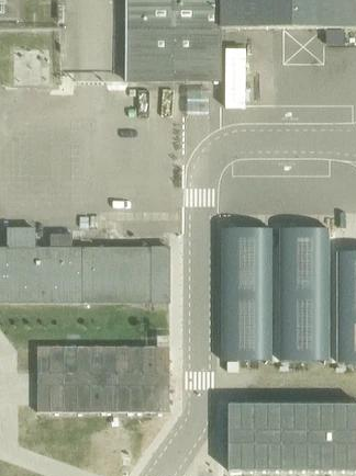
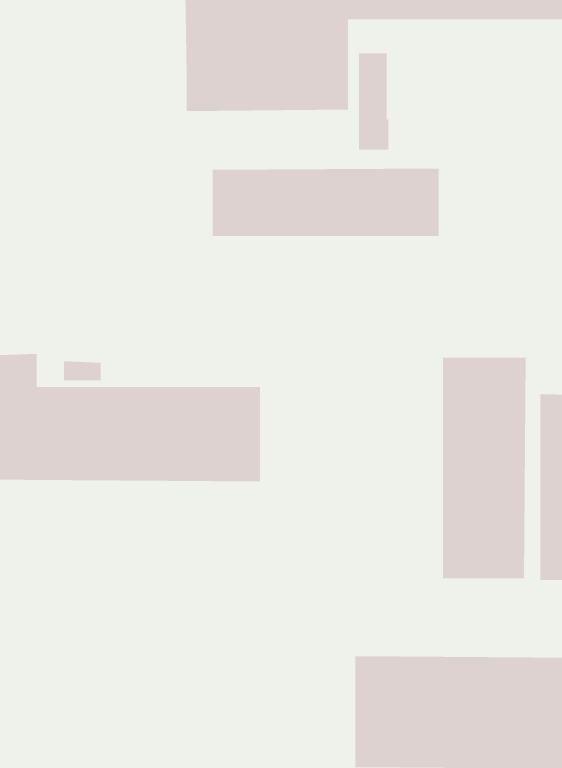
building: none -> [212,168,439,237]
building: [222,227,271,360] -> none
building: [38,345,170,411] -> none

